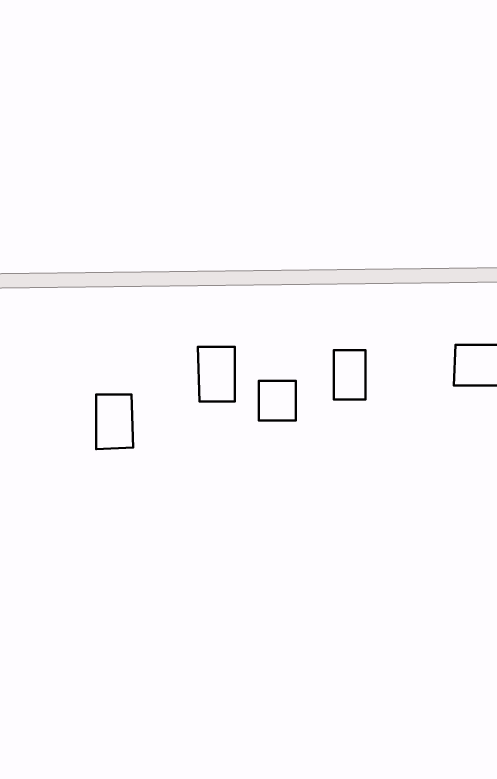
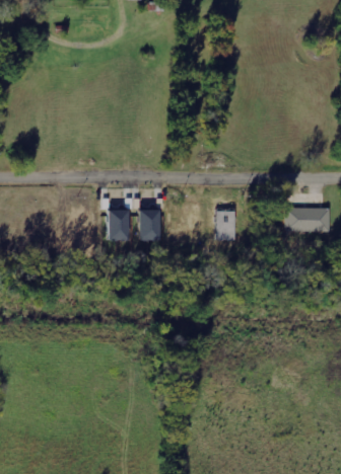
building: [259,381,296,420] -> none
building: [96,395,133,449] -> [108,210,129,241]

